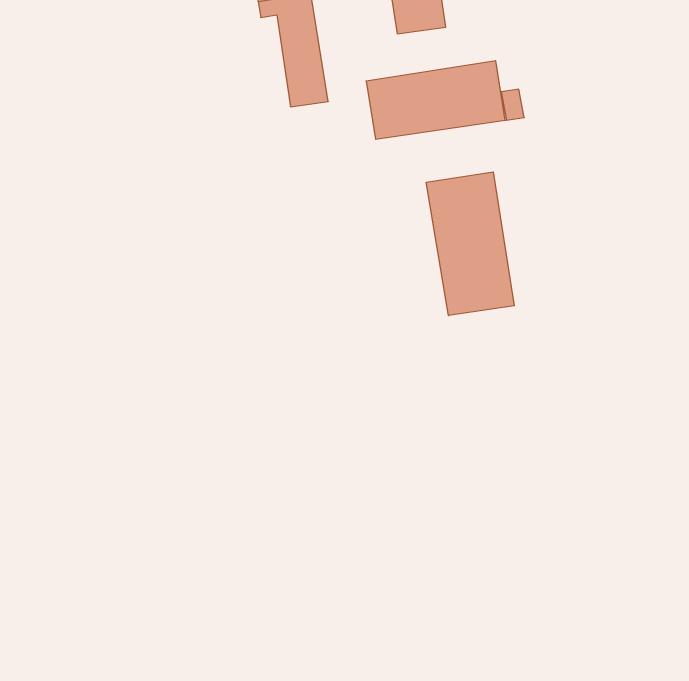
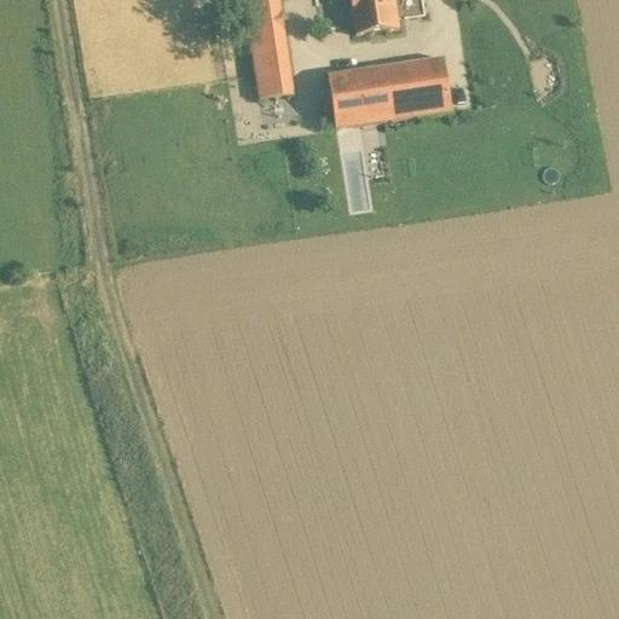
building: [426,172,514,316] -> none

